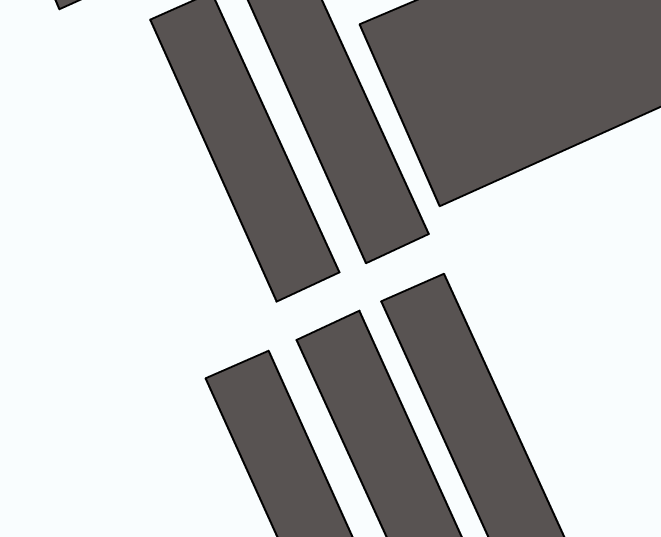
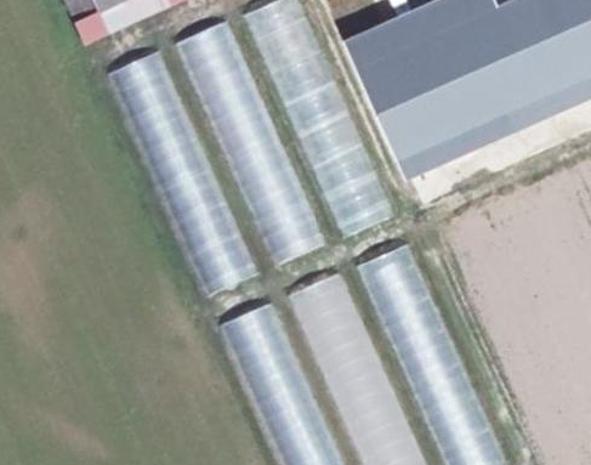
building: none -> [107,51,256,295]

